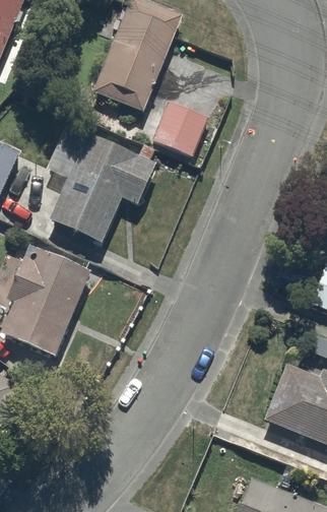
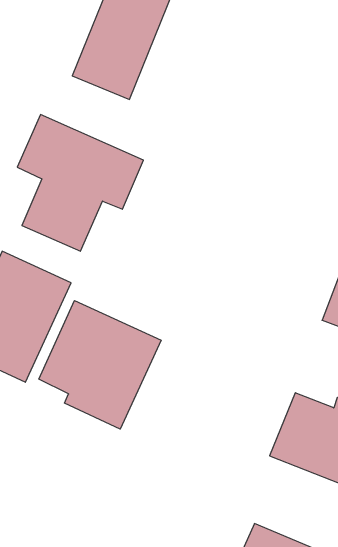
building: [151,97,209,154] -> none
building: none -> [39,301,161,429]

